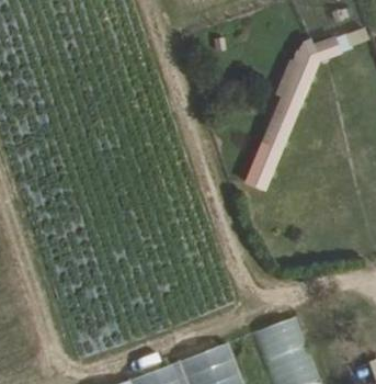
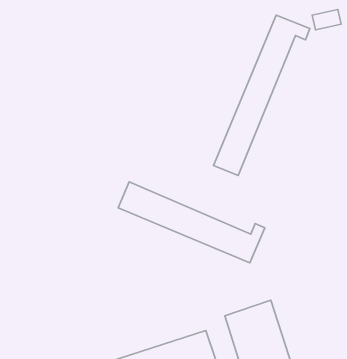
building: none -> [118,182,265,263]

